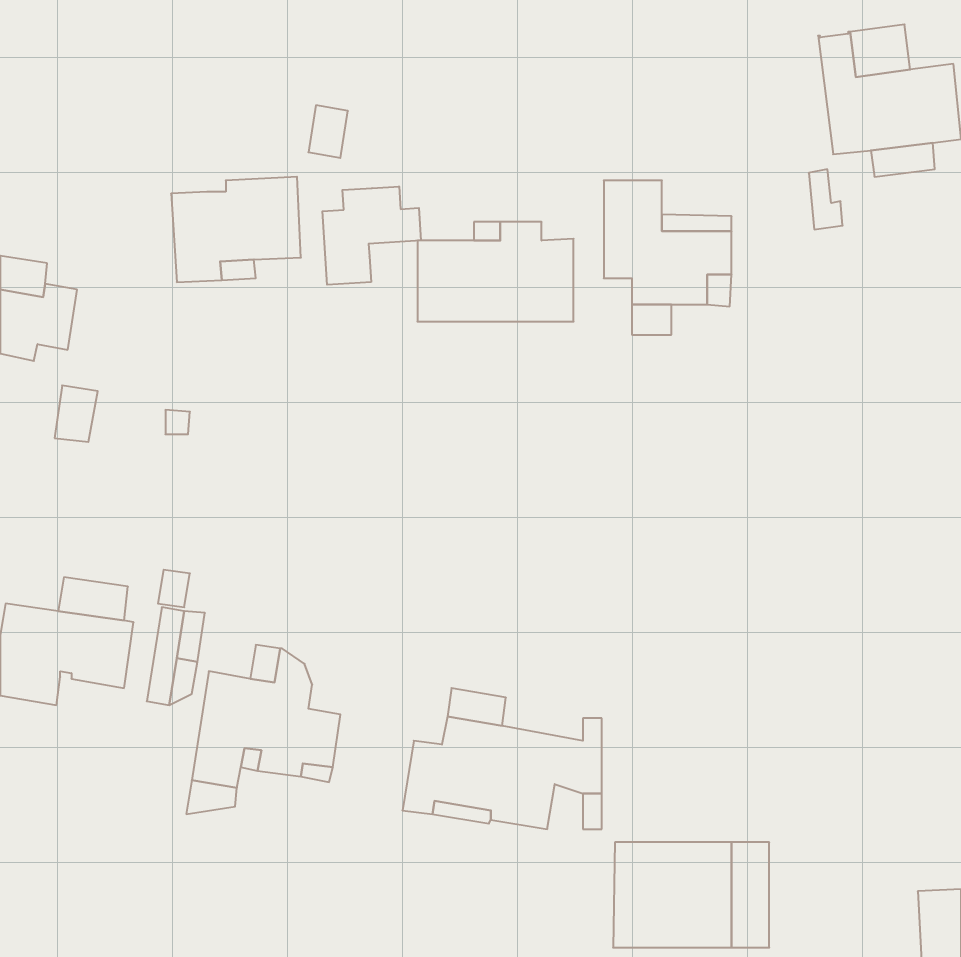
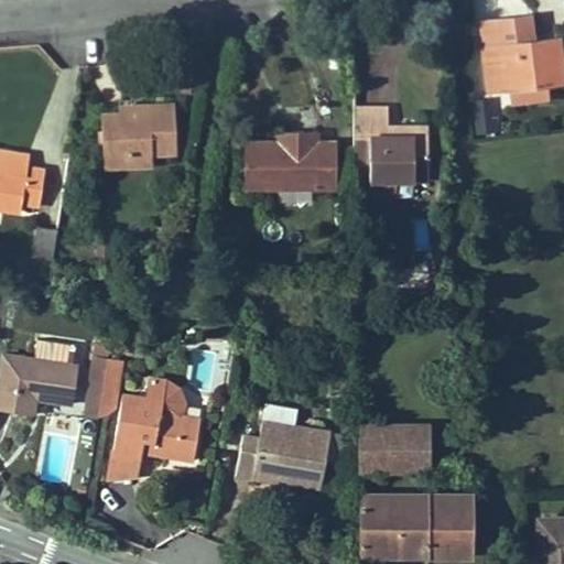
building: [322,186,421,285] -> none
building: none -> [359,425,431,473]
building: none -> [451,496,474,557]

